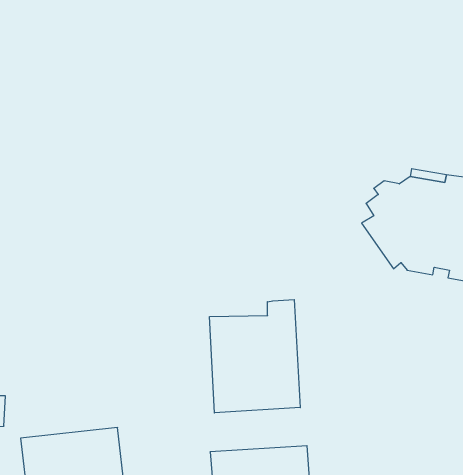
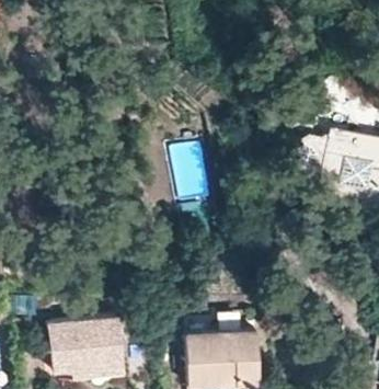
building: [210,300,300,413] -> none

